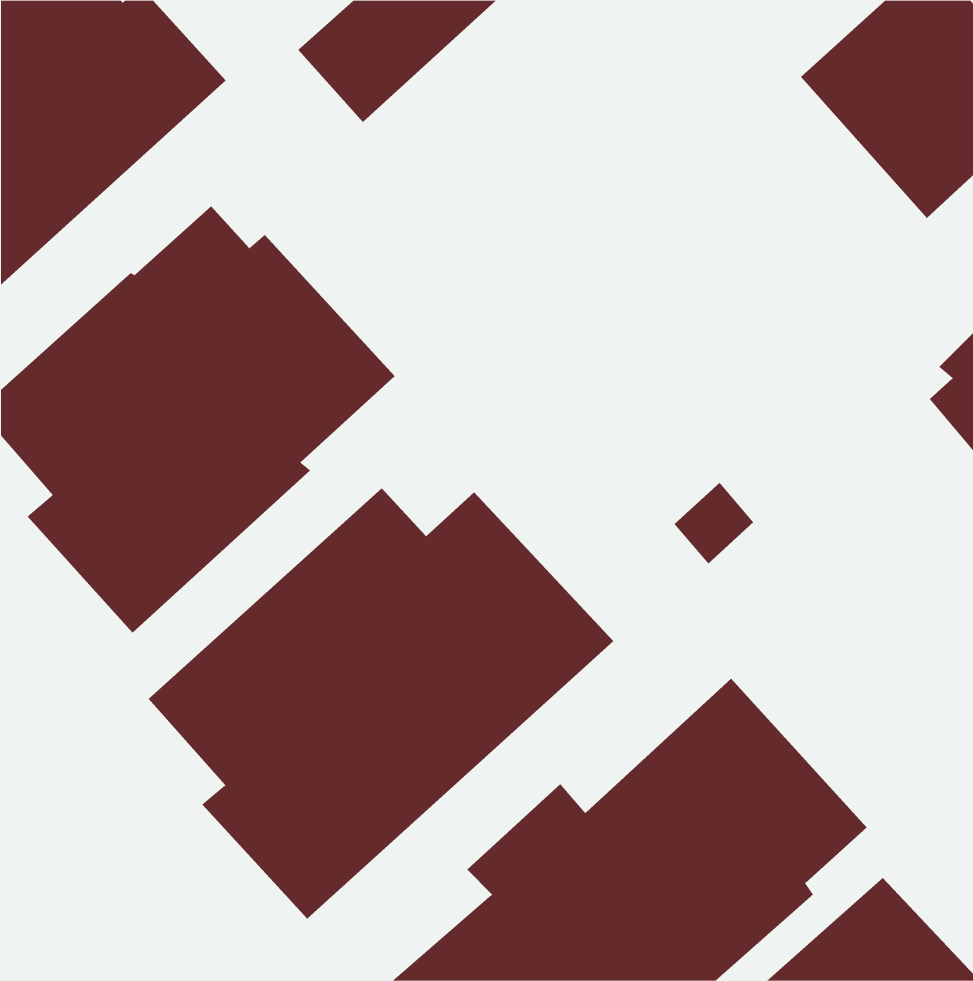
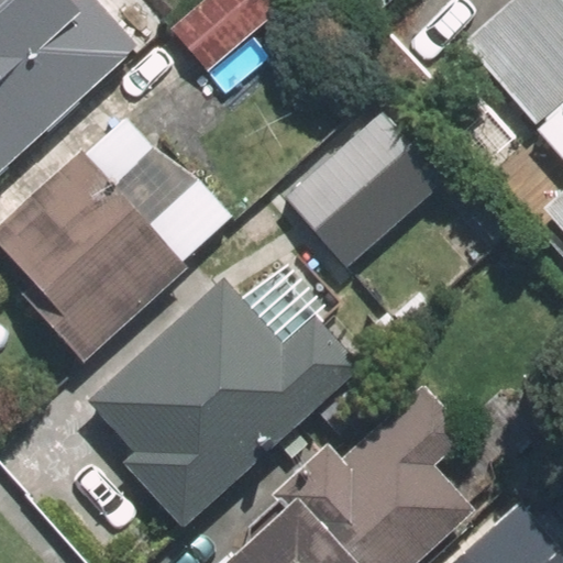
building: none -> [286,114,444,269]

